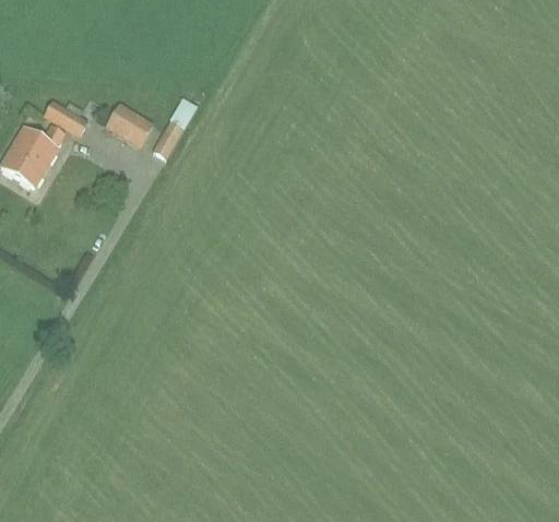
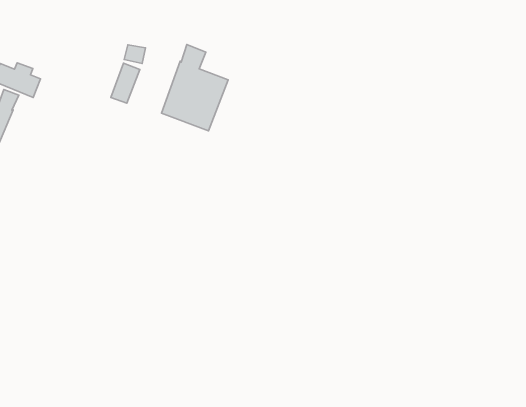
building: [106,104,153,146] -> none
building: none -> [162,45,228,131]

